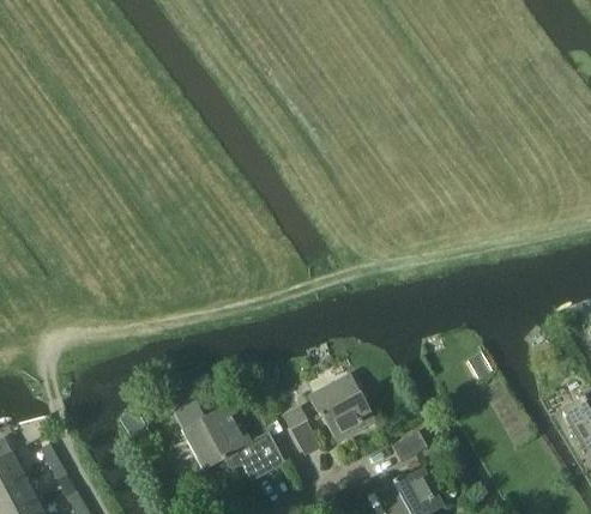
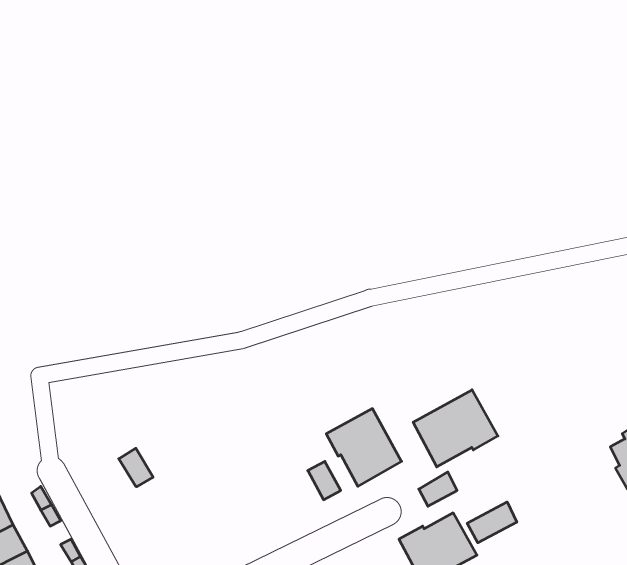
building: none -> [413,390,498,467]
building: [173,401,284,480] -> none
building: none -> [467,502,517,543]

